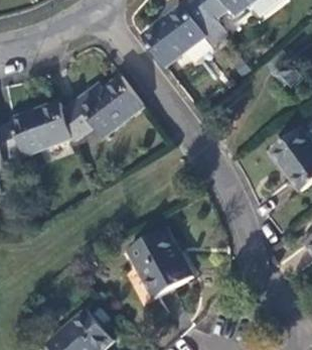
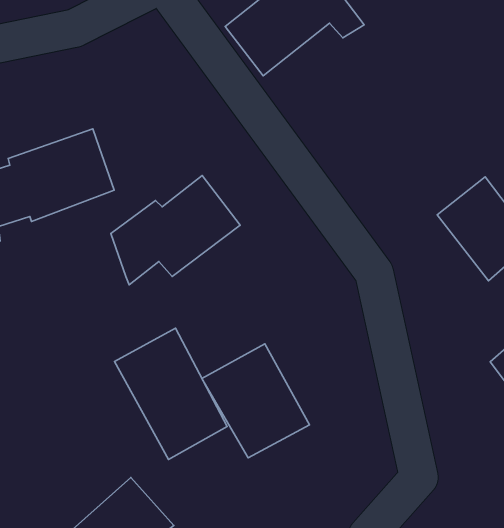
building: [64,75,143,141] -> [111,176,240,285]
building: none -> [115,328,227,460]

